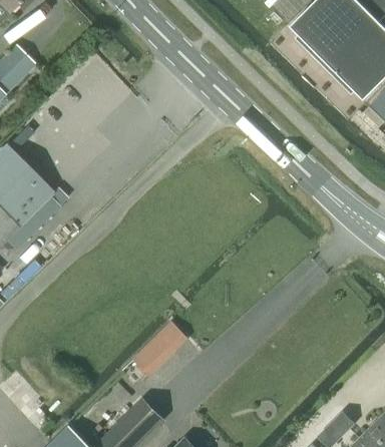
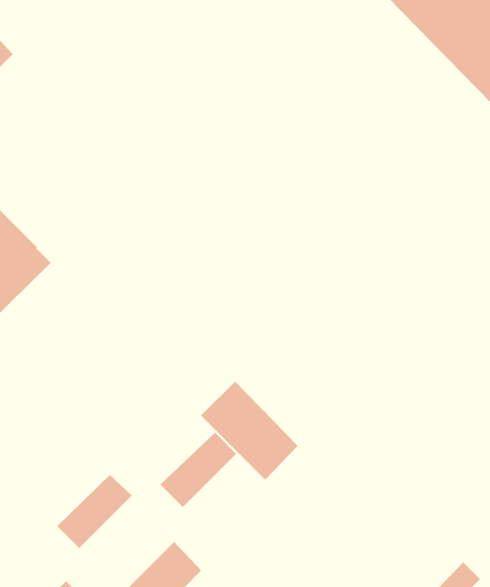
building: none -> [200,381,299,480]
building: none -> [57,474,133,549]

